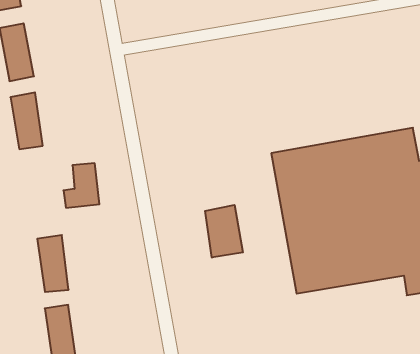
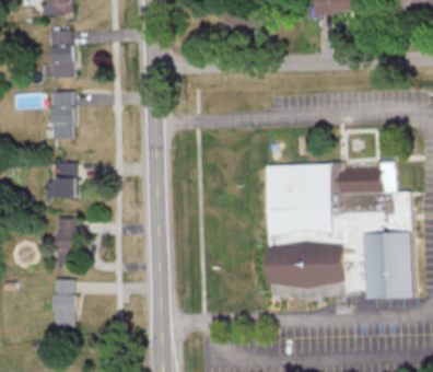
building: [63,163,99,208] -> [46,161,77,198]
building: [205,205,243,258] -> none

